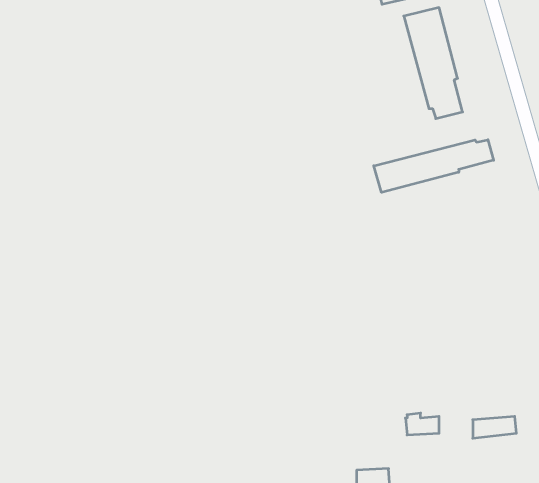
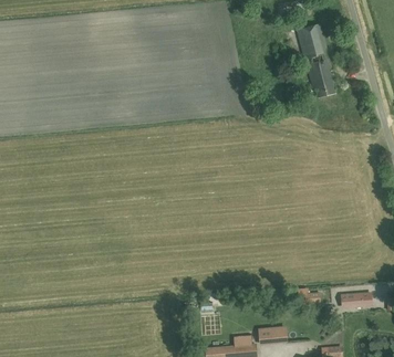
building: [374,140,494,192] -> none

